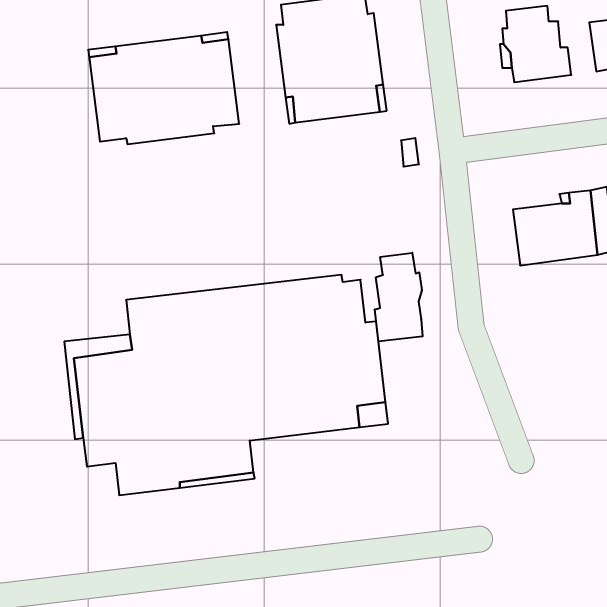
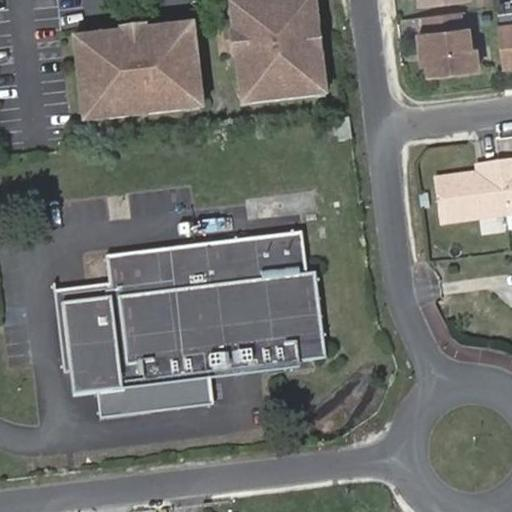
building: [375,253,423,342] -> none

